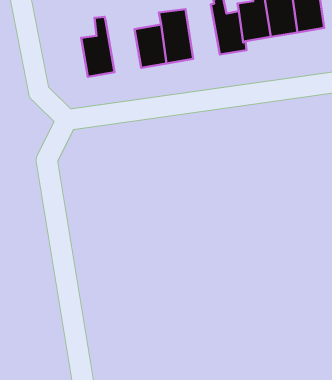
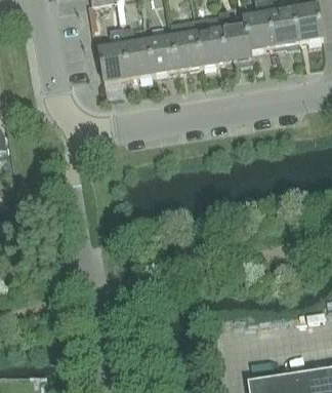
building: none -> [194,16,225,67]
building: none -> [120,29,153,79]

